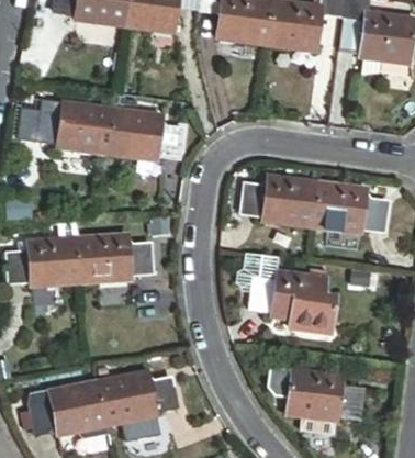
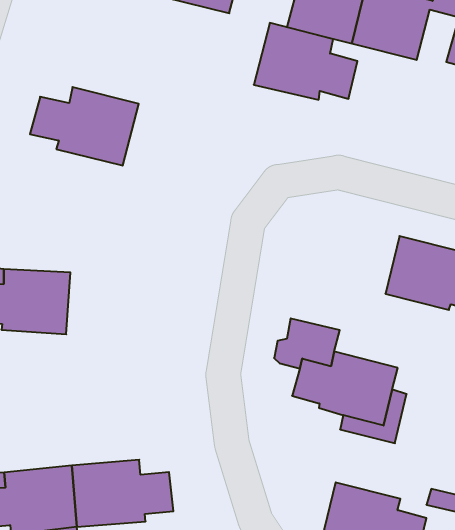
building: [108,107,182,159] -> [254,23,357,100]
building: [242,176,318,226] -> none
building: [78,234,152,283] -> none

